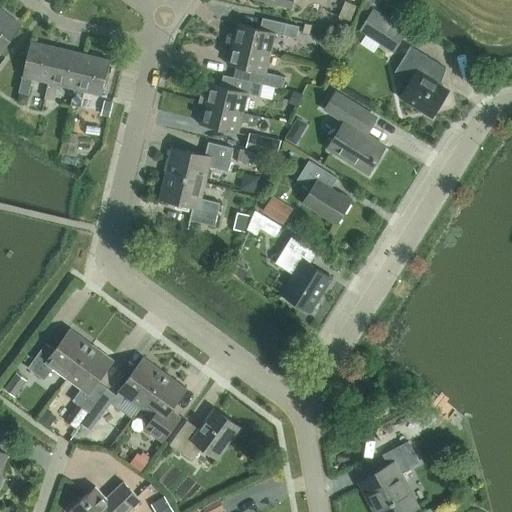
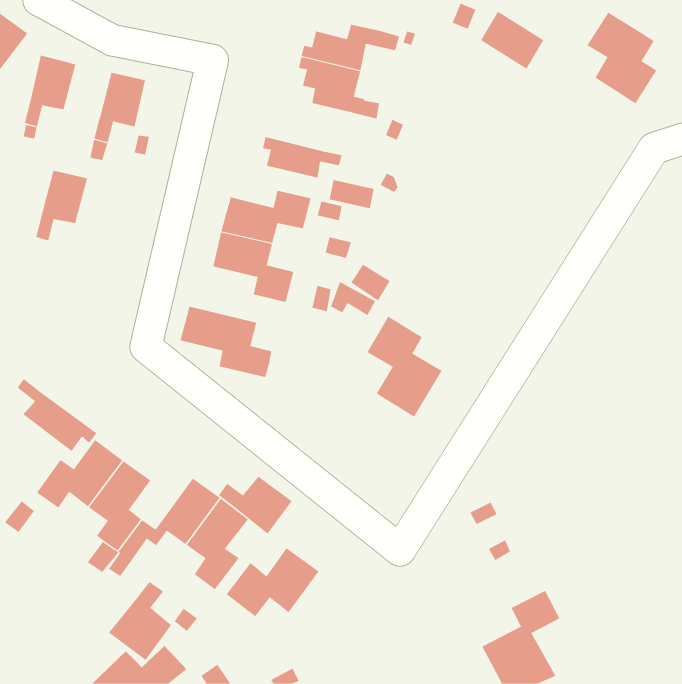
building: [394,47,447,116] -> [586,12,657,104]
building: [44,48,83,101] -> [36,170,88,241]
building: [198,75,262,113] -> none
building: [324,92,384,173] -> none
building: [296,161,350,224] -> none
building: none -> [180,306,272,378]
building: none -> [17,378,97,452]
building: none -> [218,476,292,534]
building: none -> [108,581,172,661]

